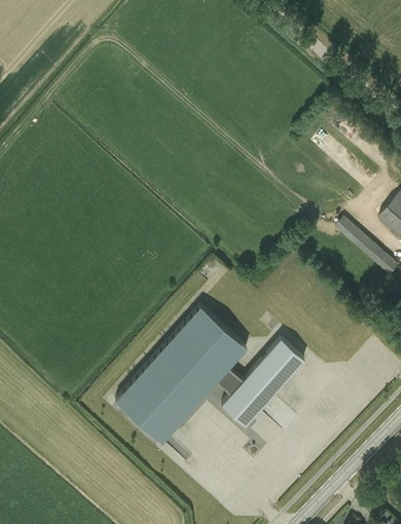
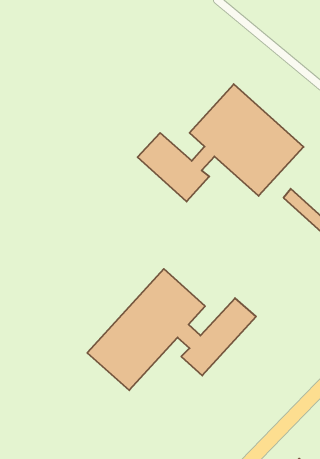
building: none -> [138,84,304,202]

